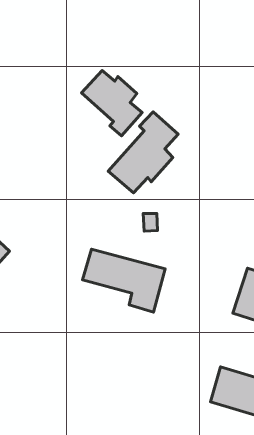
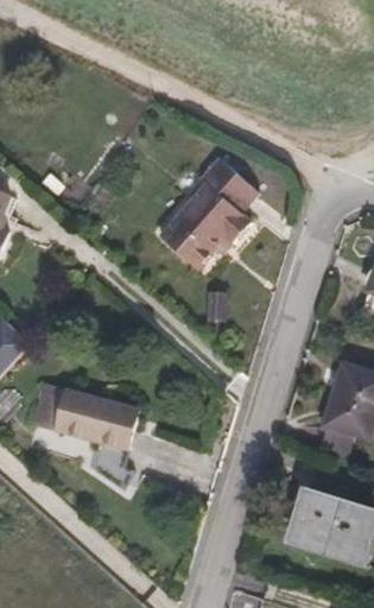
building: [81,70,142,136] -> none
building: [82,249,165,312] -> [30,382,139,466]

